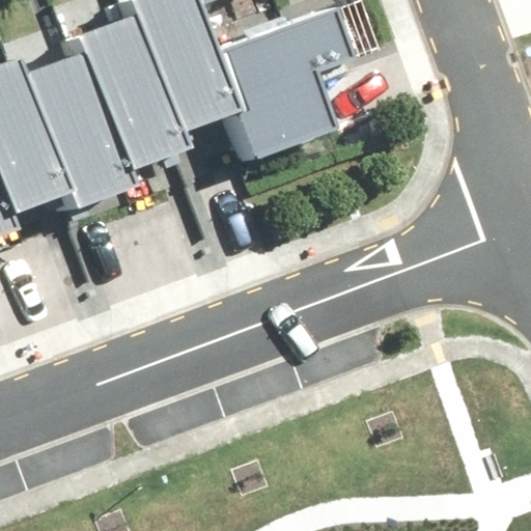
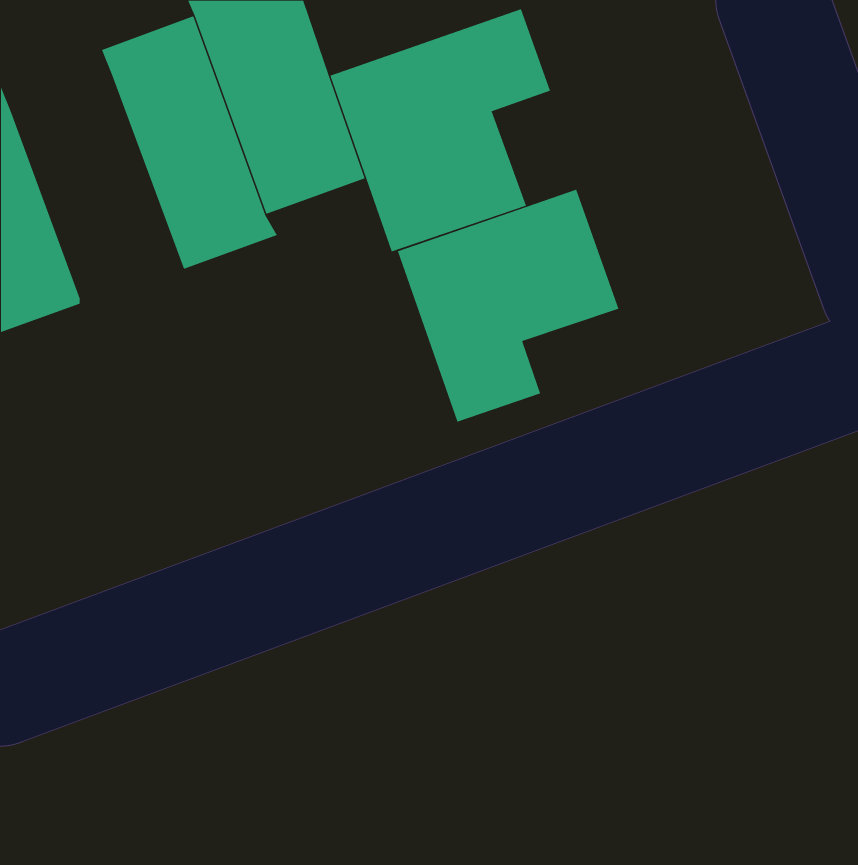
building: [19,53,130,209] -> none
building: none -> [397,189,619,423]

